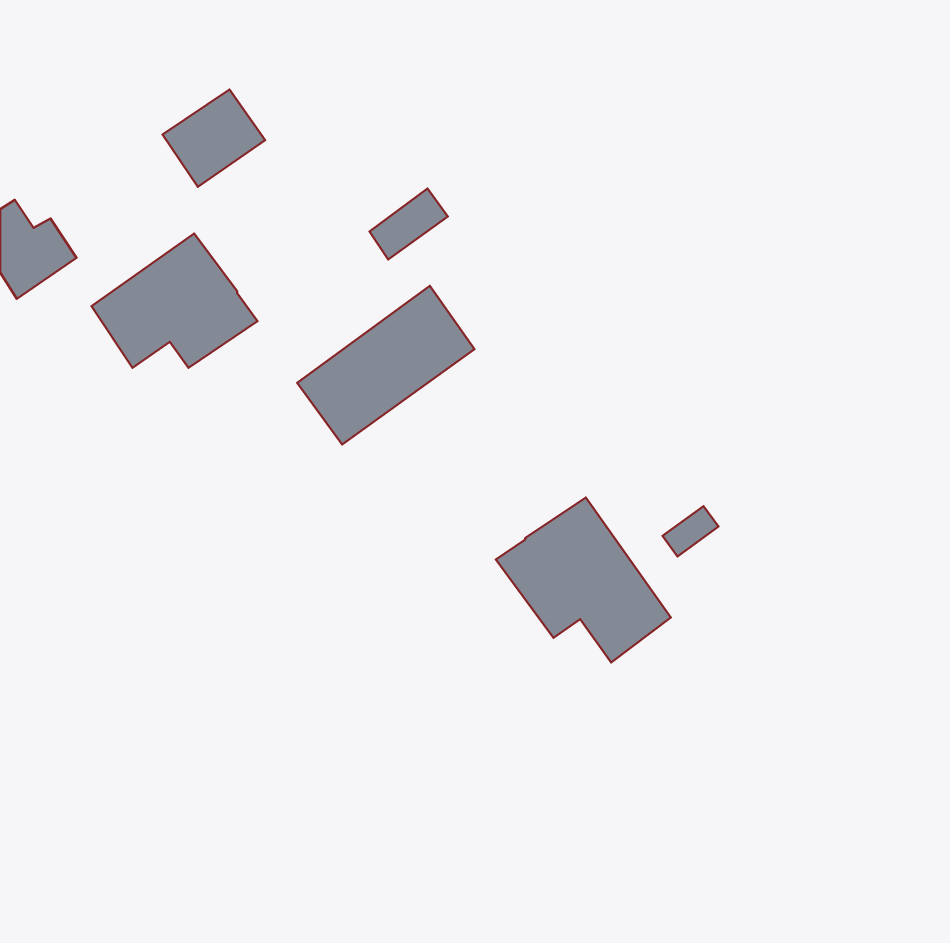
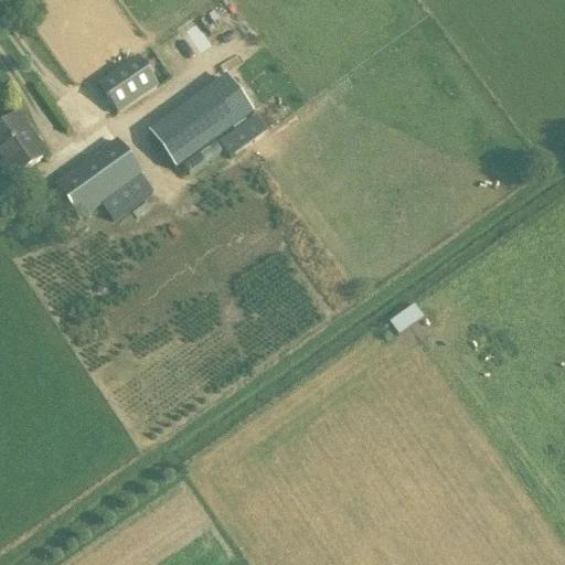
building: [297,286,475,444] -> [149,72,254,166]
building: [496,498,671,662] -> none

